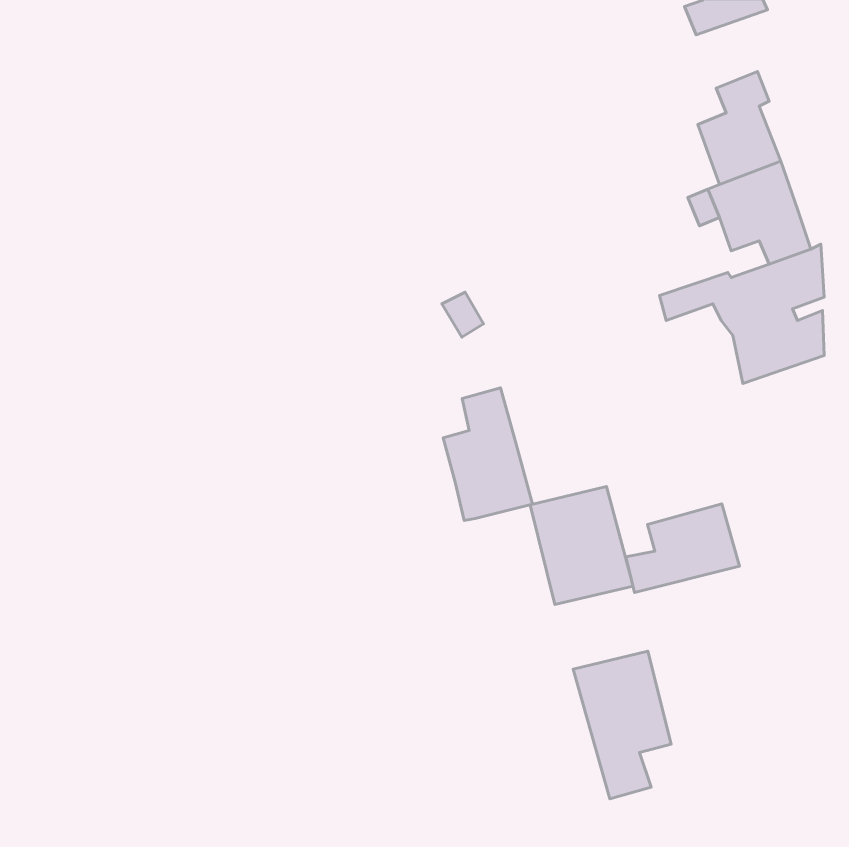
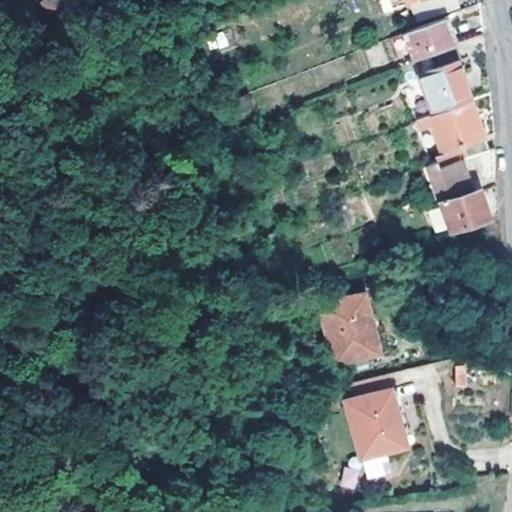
building: none -> [406,16,456,59]
building: [443,388,532,521] -> none
building: [626,504,740,592] -> none

